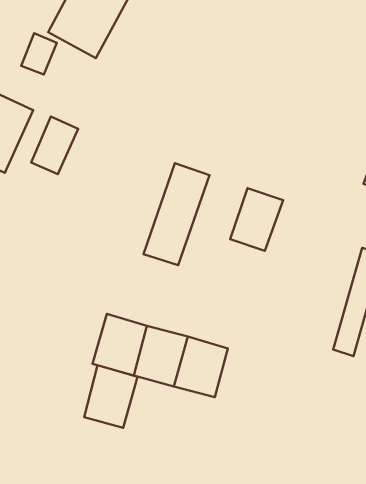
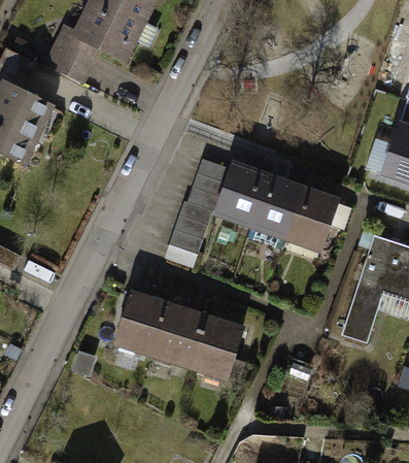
building: [31,116,78,174] -> none
building: none -> [214,168,264,228]
building: none -> [280,191,331,251]
building: [84,365,138,428] -> none

